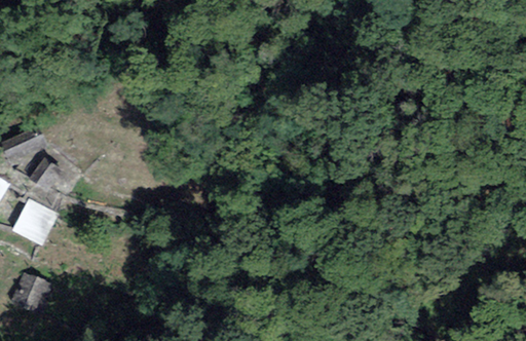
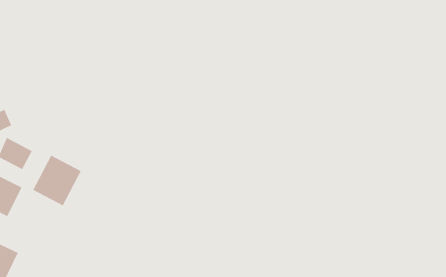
building: none -> [32,155,82,206]

